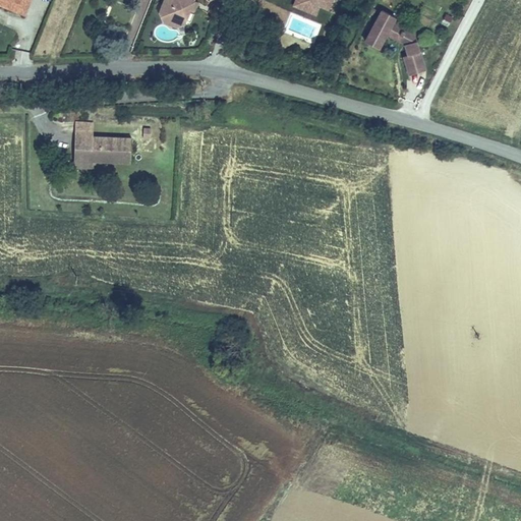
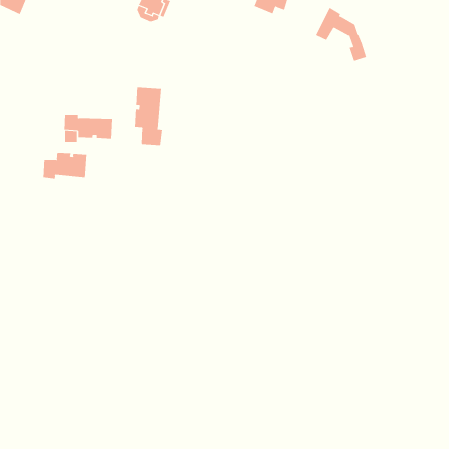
building: none -> [134,86,162,146]
building: none -> [43,152,87,180]

